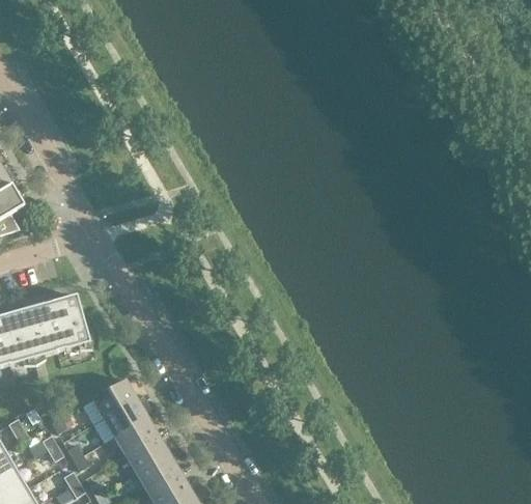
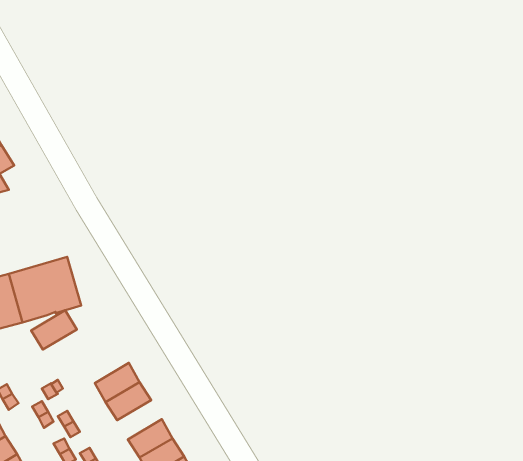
building: [91,380,136,418] -> [31,310,77,350]
building: [124,435,168,473] -> none

